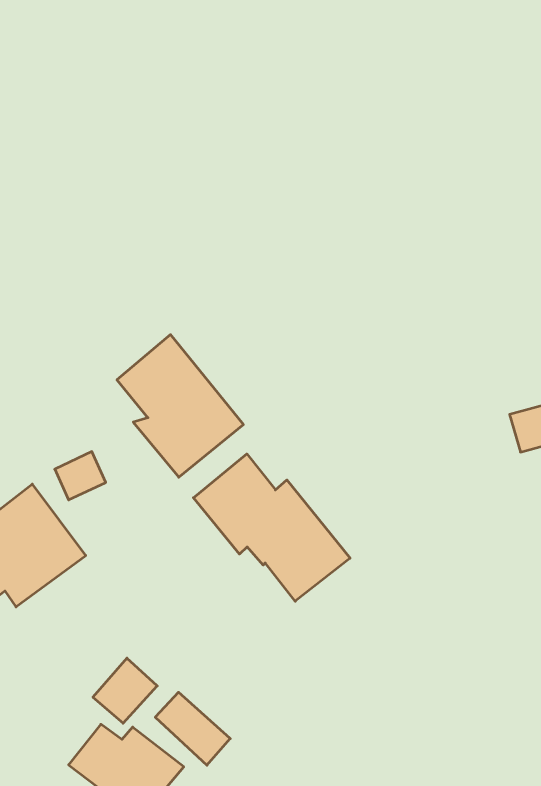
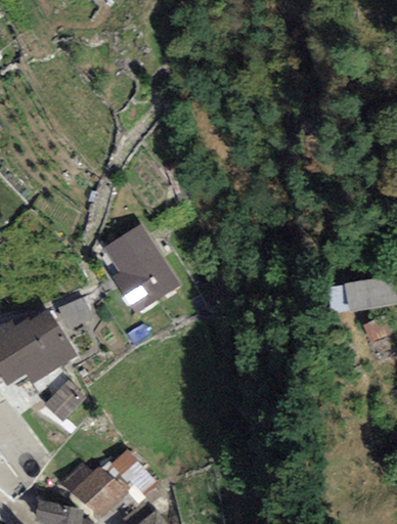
building: [193,454,350,601] -> none
building: [93,658,157,723] -> [44,380,84,420]

